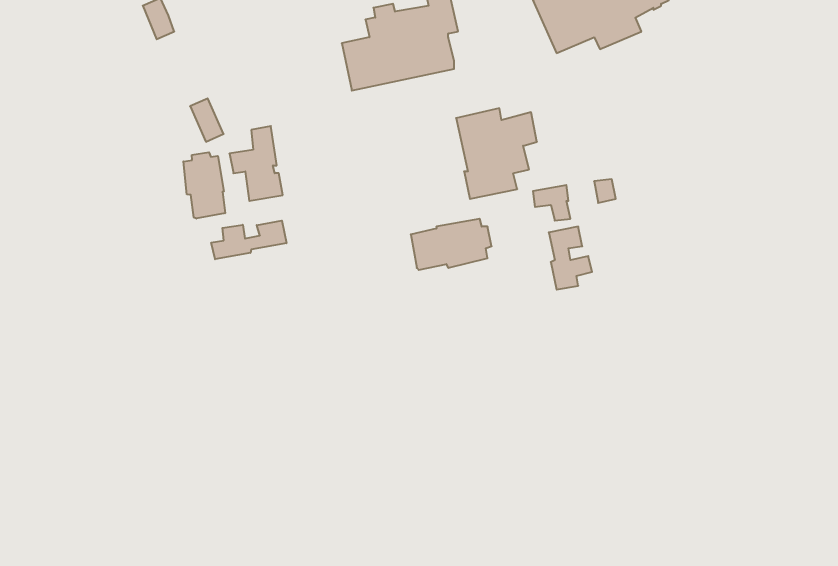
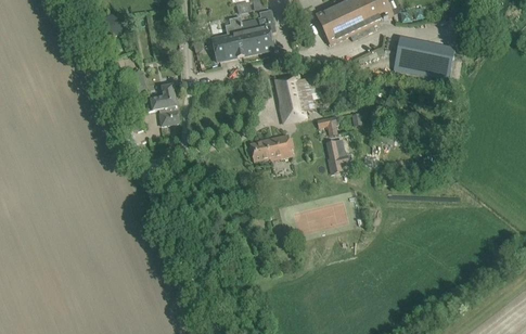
building: none -> [394,36,453,79]
building: [183,152,225,219] -> none
building: [211,221,286,259] -> none

